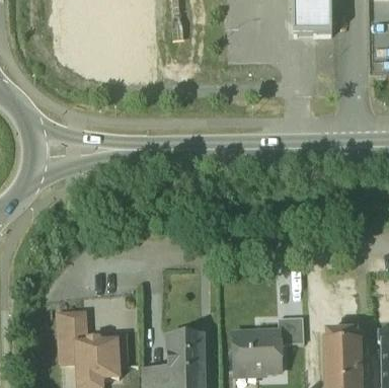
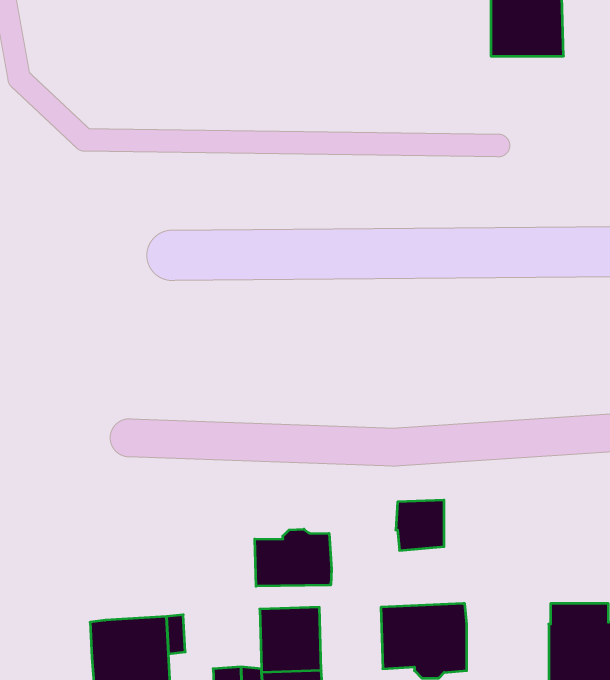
building: none -> [255,529,331,586]
building: [58,310,83,361] -> none
building: [278,315,304,342] -> [396,500,444,550]

